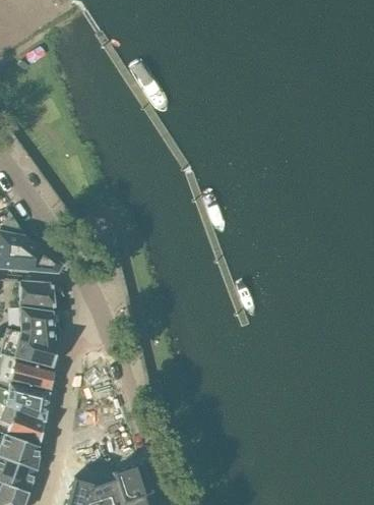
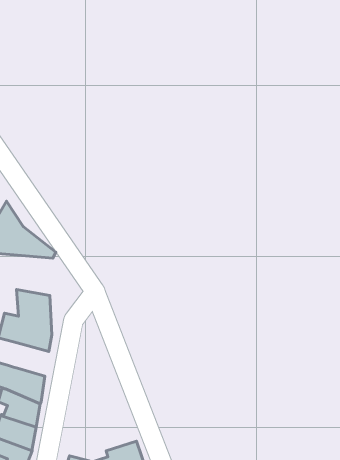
building: [19,283,55,312] -> none
building: [12,359,54,395] -> none

